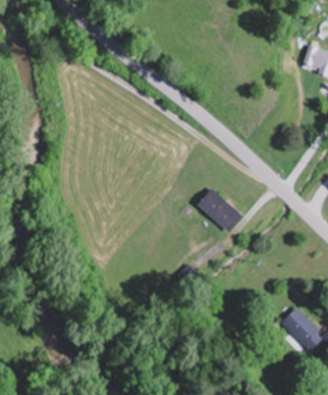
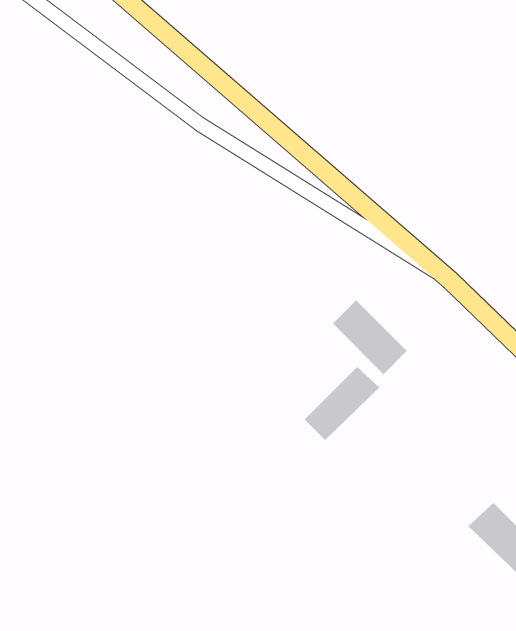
building: none -> [304,366,380,441]

